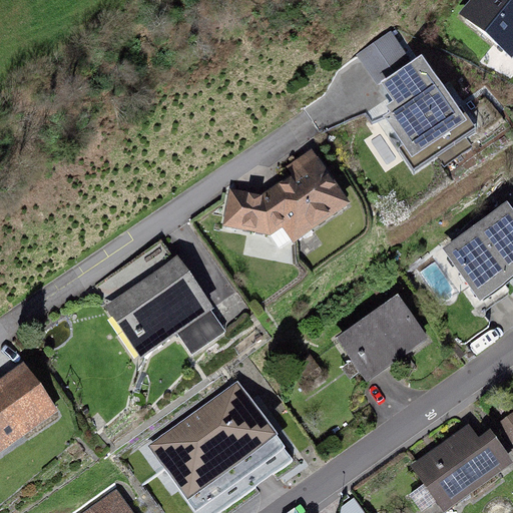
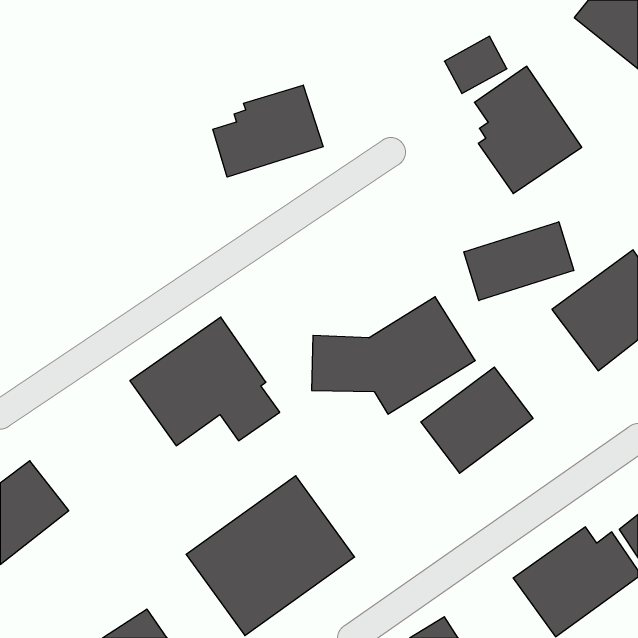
building: none -> [213,85,323,177]
building: [226,156,358,250] -> [312,297,475,414]
building: none -> [464,222,574,301]

